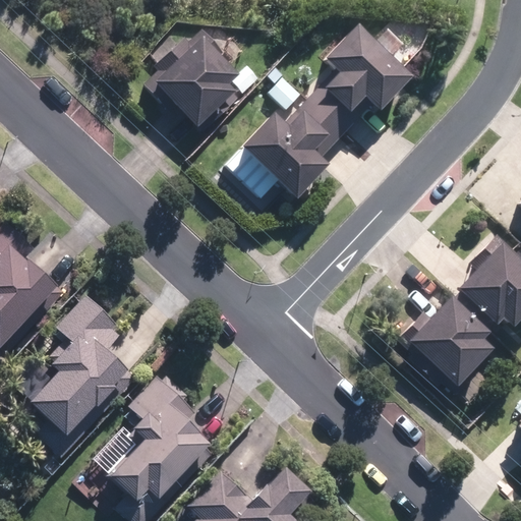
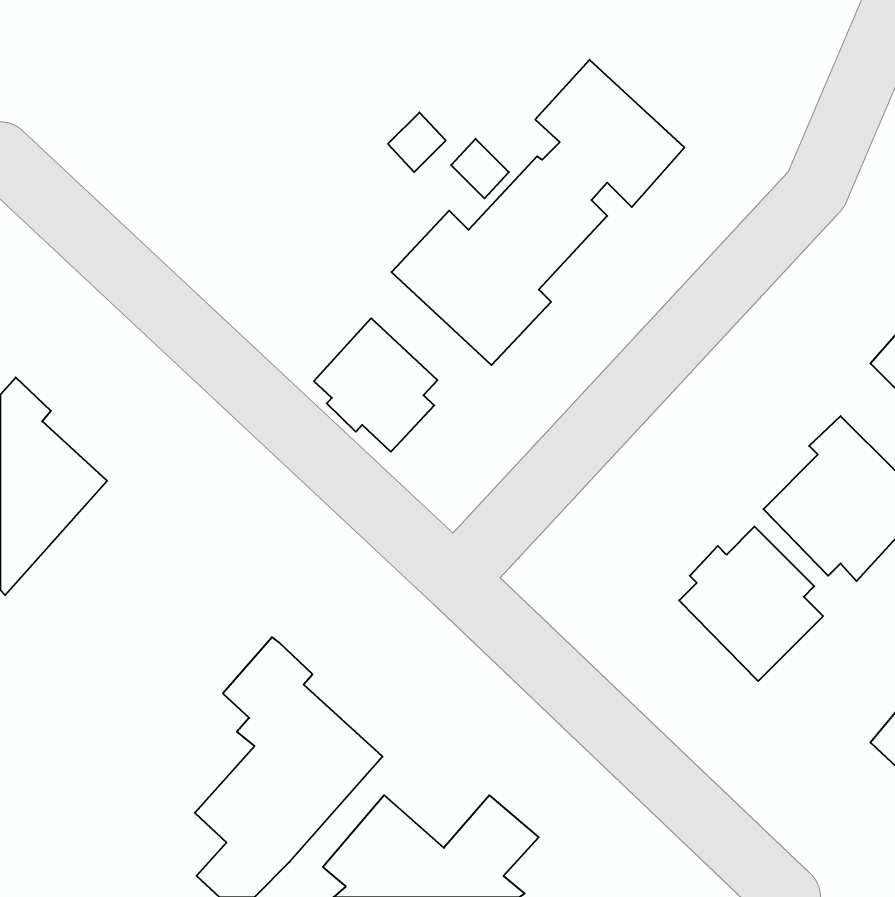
building: [139,43,233,138] -> none
building: none -> [314,318,437,452]
building: [17,289,153,431] -> none

